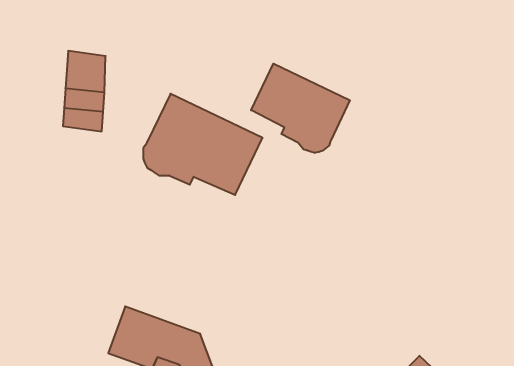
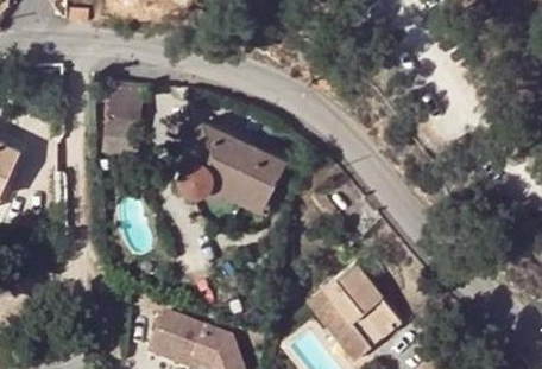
building: [251,64,350,153] -> none
building: none -> [305,260,402,360]

